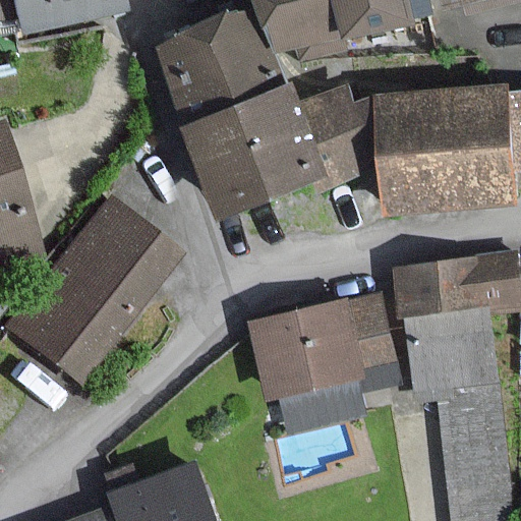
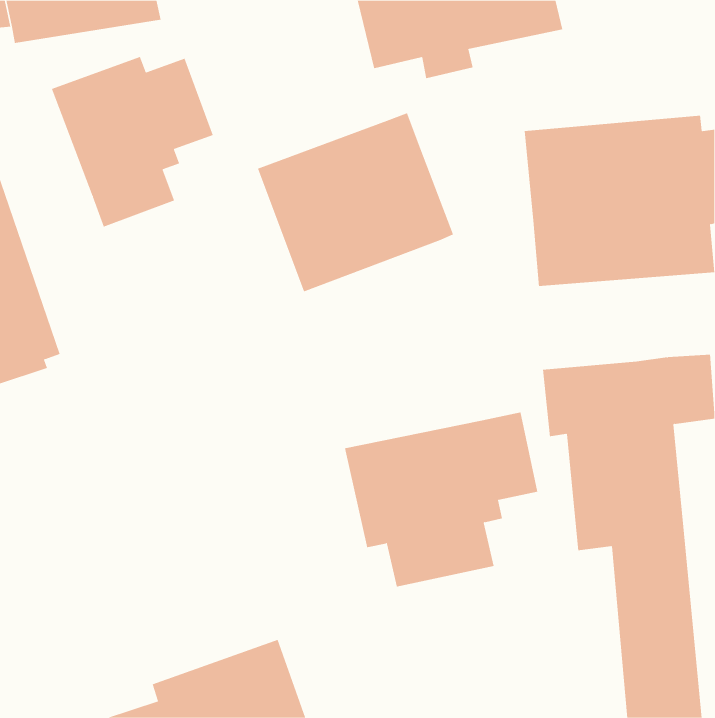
building: [157,8,282,122] -> none
building: none -> [51,56,214,227]
building: [303,88,386,183] -> none
building: [9,197,178,378] -> none

